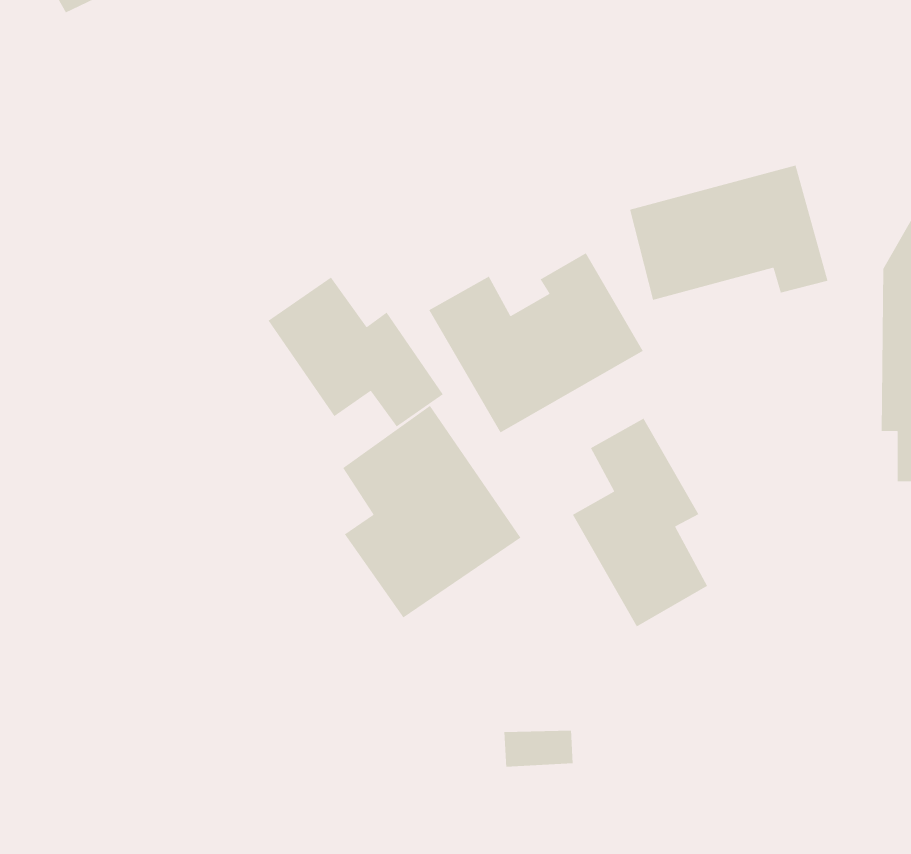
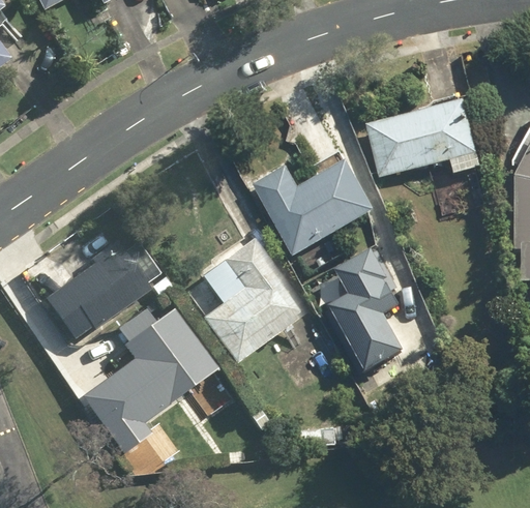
building: [267,277,444,428] -> none
building: none -> [43,244,148,340]
building: none -> [81,309,214,438]

